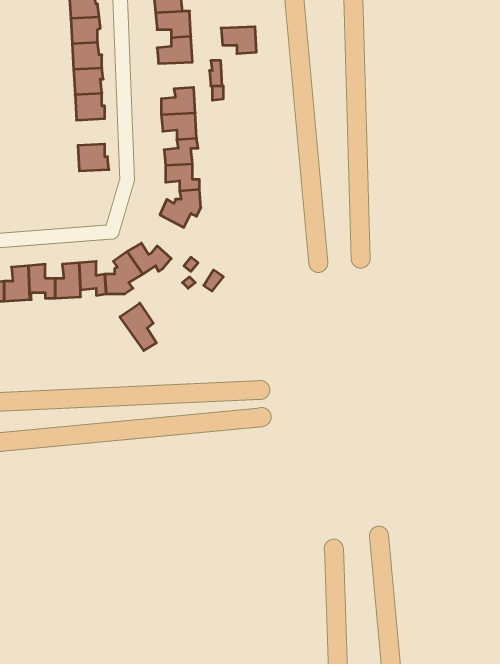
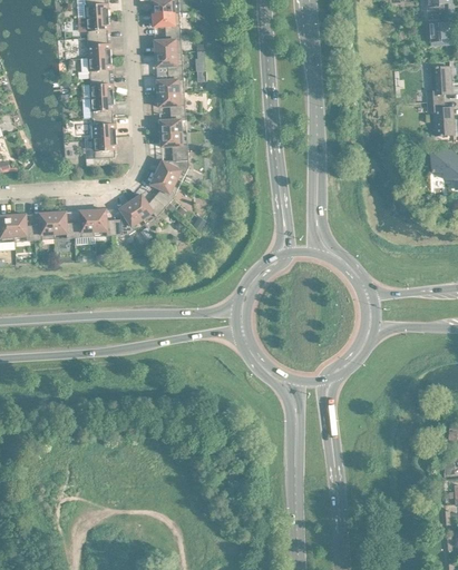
building: [221,27,256,54] -> [155,51,183,72]
building: none -> [90,96,114,117]
building: none -> [92,136,116,165]
building: none -> [150,171,175,206]
building: [120,303,156,351] -> none

